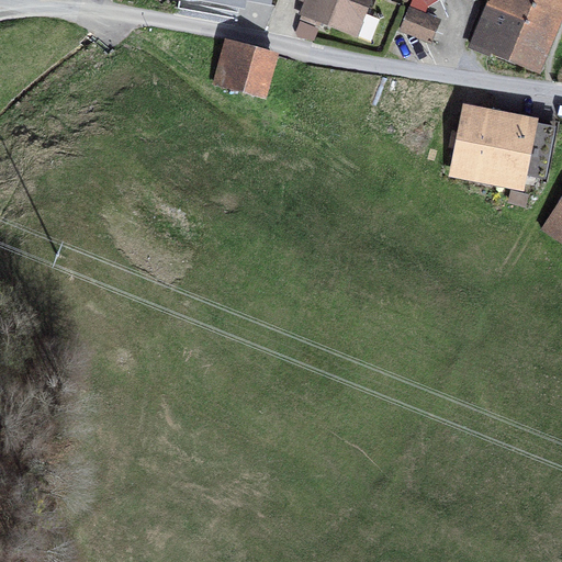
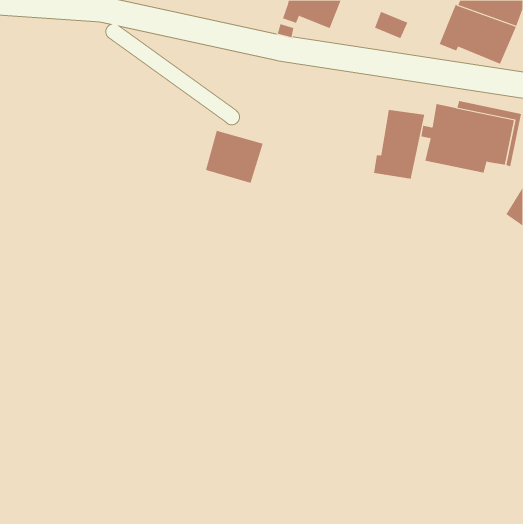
building: [213,42,276,99] -> [205,130,263,183]
building: none -> [373,109,425,180]

